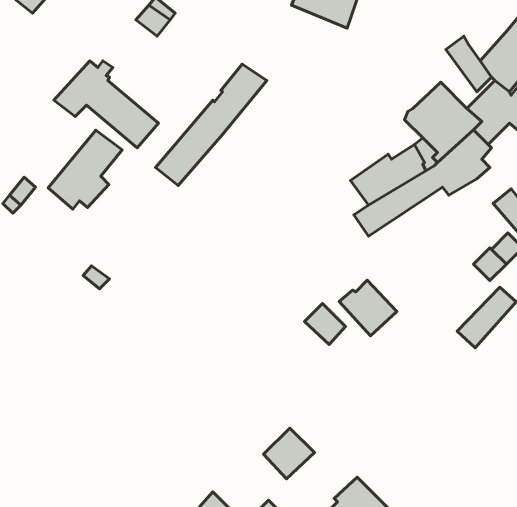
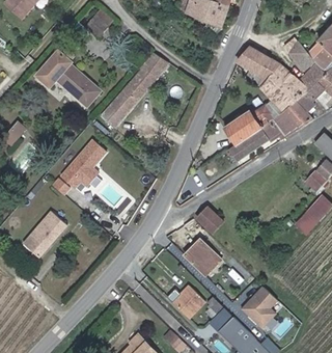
building: none -> [238,46,280,80]
building: [48,130,122,209] -> [63,138,110,188]
building: [339,280,397,336] -> [182,238,218,273]
building: none -> [22,211,67,257]
building: none -> [238,282,273,325]

